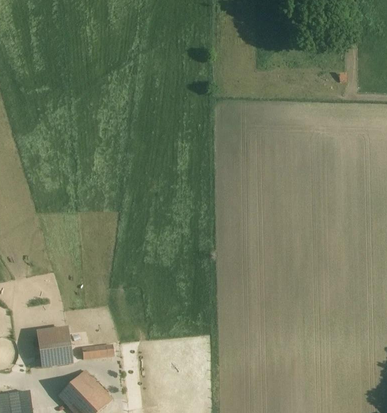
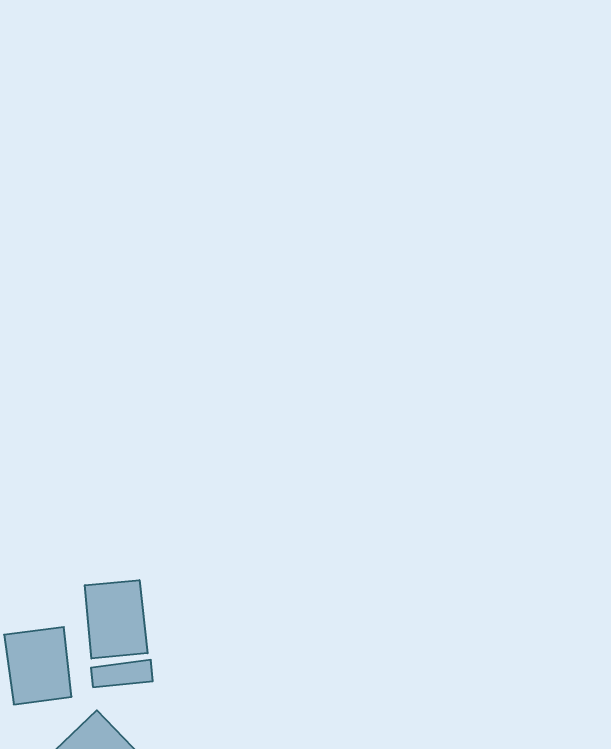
building: none -> [85,580,148,659]

